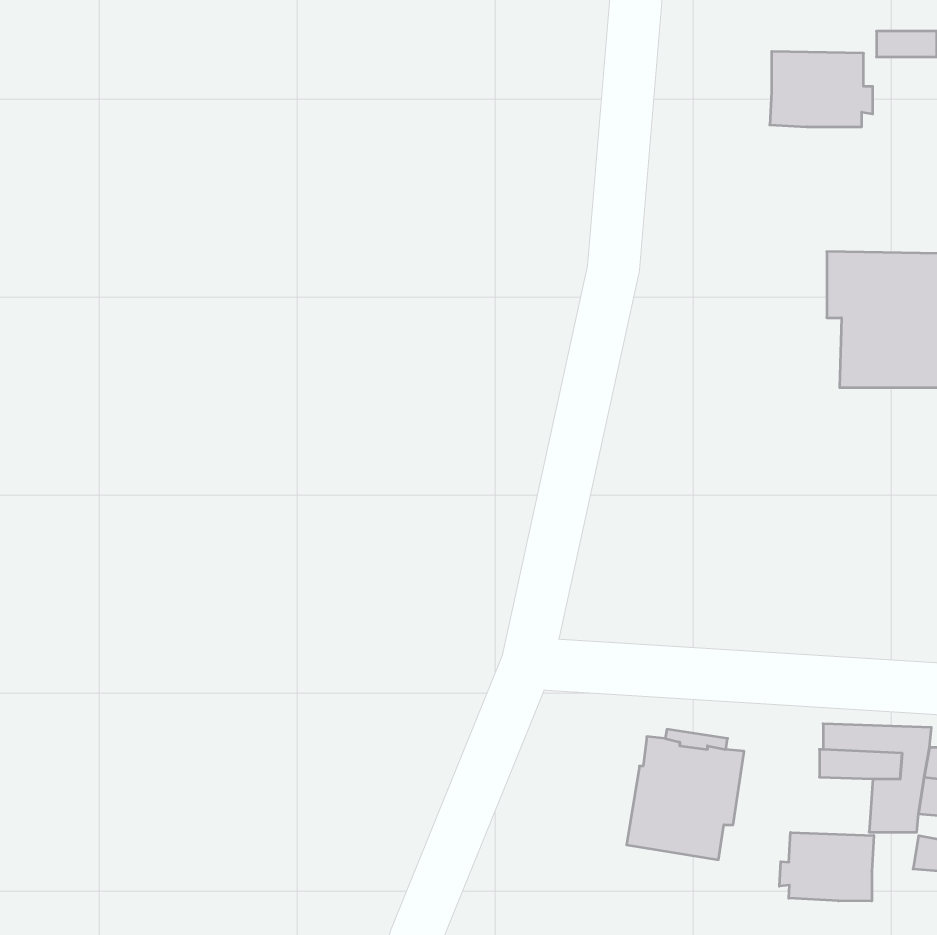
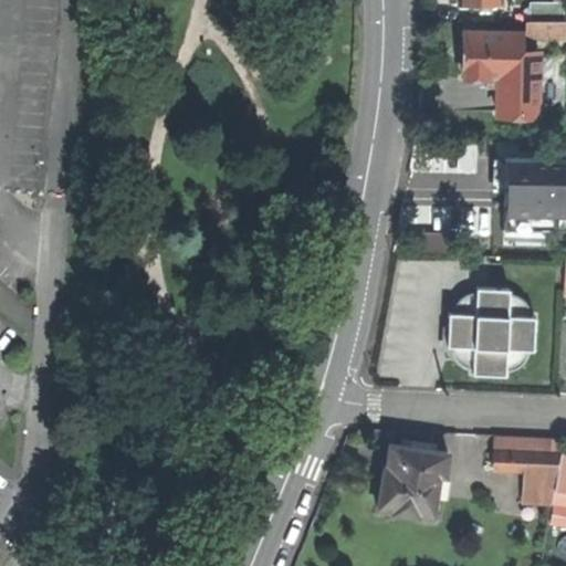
building: none -> [486,54,538,117]
building: none -> [448,289,535,376]
building: [779,832,874,901] -> none

